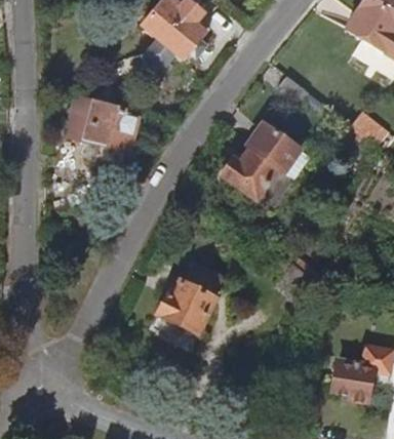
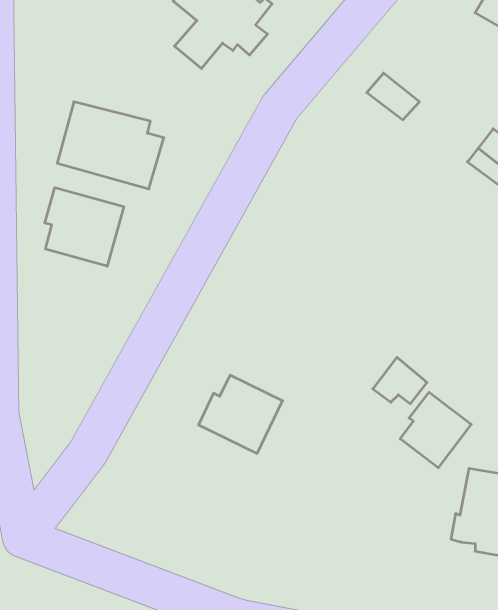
building: [222,121,310,202] -> none
building: none -> [45,188,124,266]
building: none -> [400,392,471,468]

